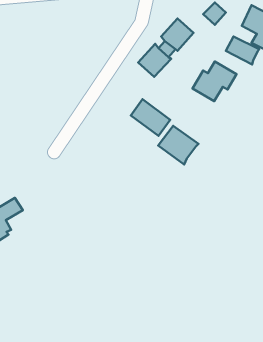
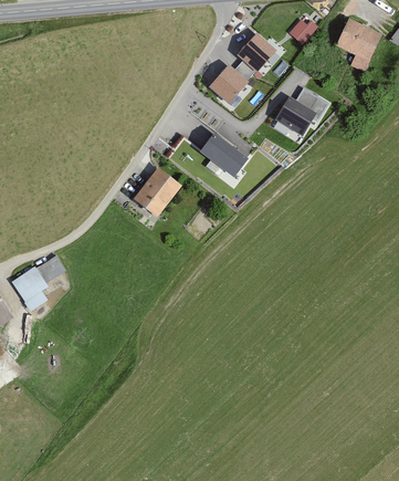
building: [226,36,259,64] -> none
building: none -> [133,164,183,216]
building: [158,126,199,164] -> none

